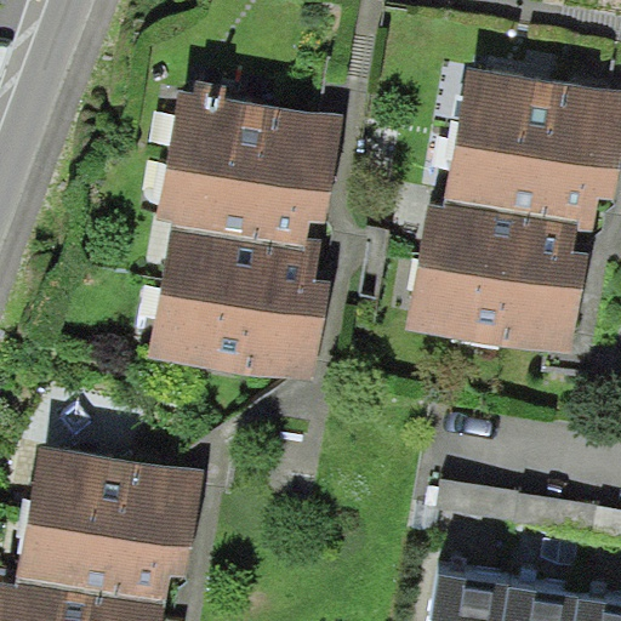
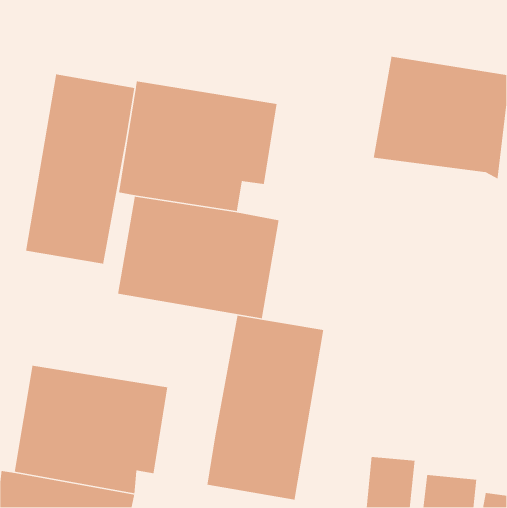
building: none -> [25,74,135,265]
building: [414,192,592,341] -> none
building: none -> [207,315,324,501]

